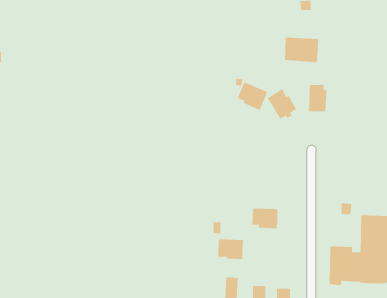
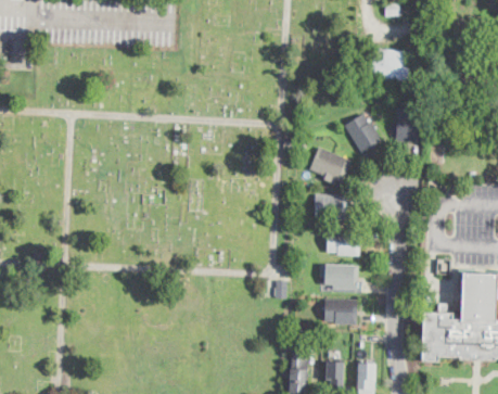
building: [237,82,268,111] -> [311,147,350,183]
building: none -> [312,193,346,219]
building: none -> [325,230,359,256]
building: [217,239,244,260] -> [322,298,356,325]

